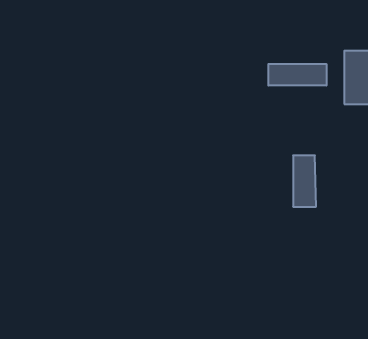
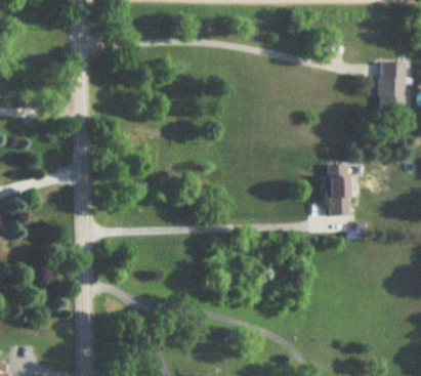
building: [268,64,326,86] -> none

